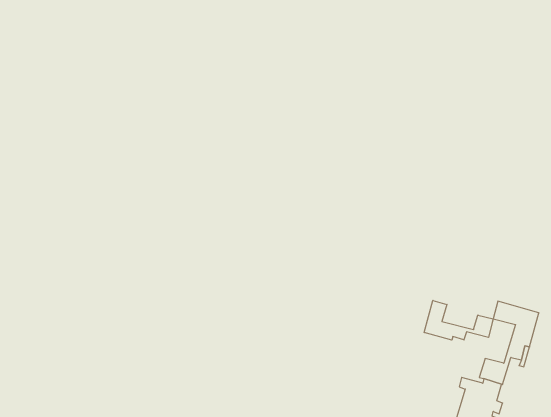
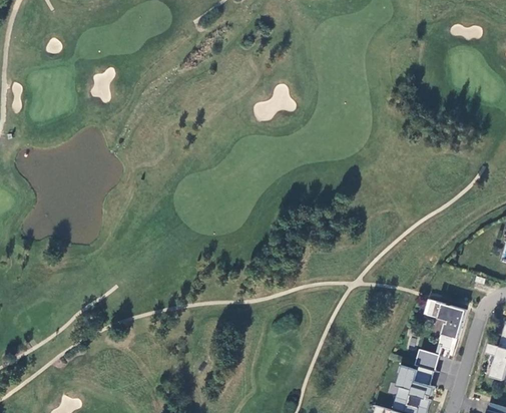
building: [424,300,493,340] -> none

